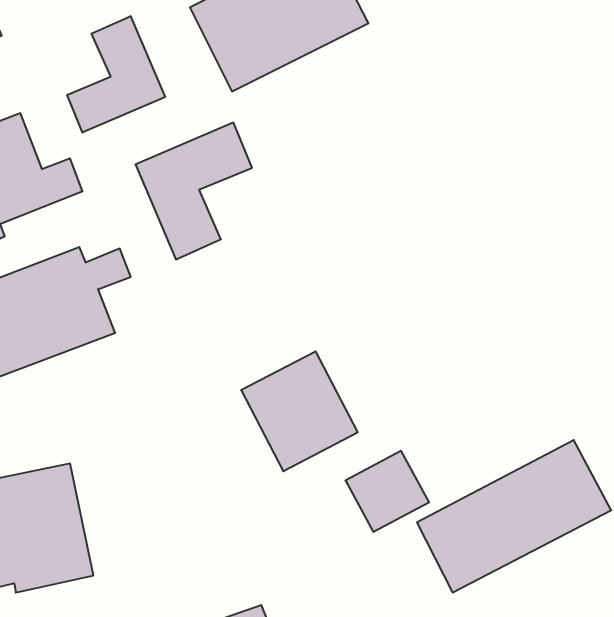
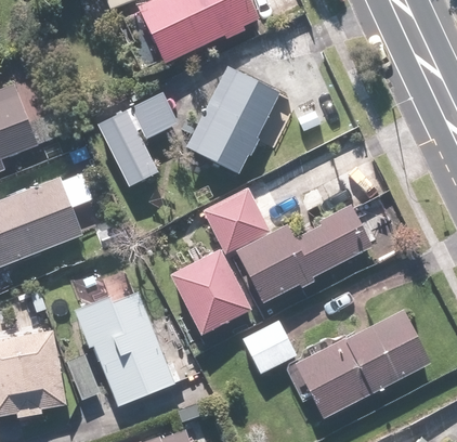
building: [67,16,165,133] -> none
building: none -> [184,68,279,178]
building: none -> [205,187,373,304]
building: none -> [73,286,175,406]

